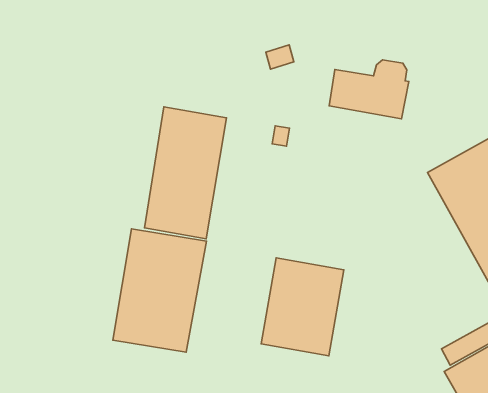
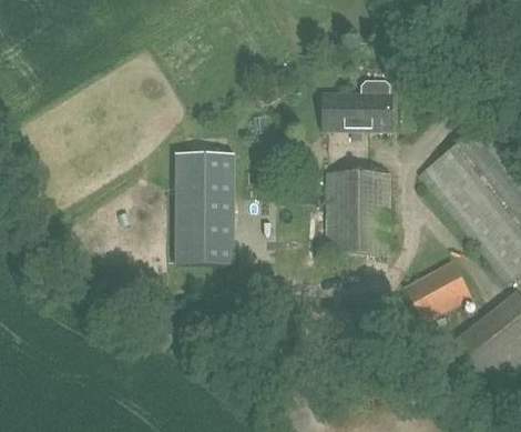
building: [113,229,207,352] -> none
building: [261,258,344,356] -> [327,172,390,252]
building: none -> [405,261,472,322]

